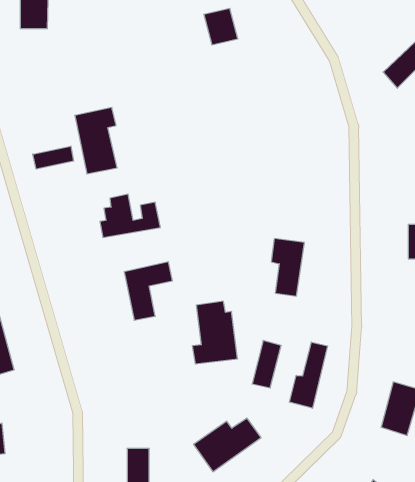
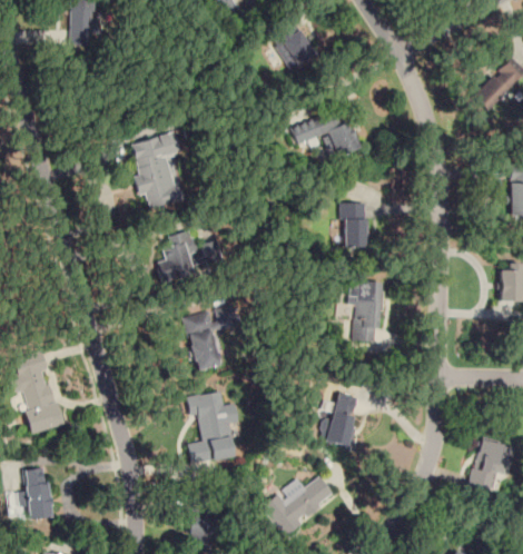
building: none -> [290,112,361,157]
building: [33,146,73,169] -> none
building: none -> [338,201,366,247]
building: [192,301,238,364] -> [188,393,238,462]
building: [289,342,328,408] -> none

